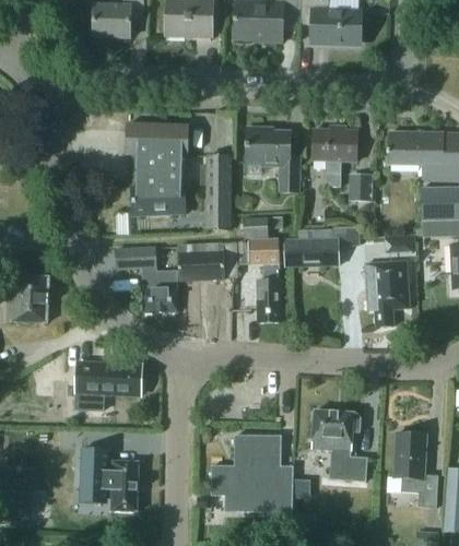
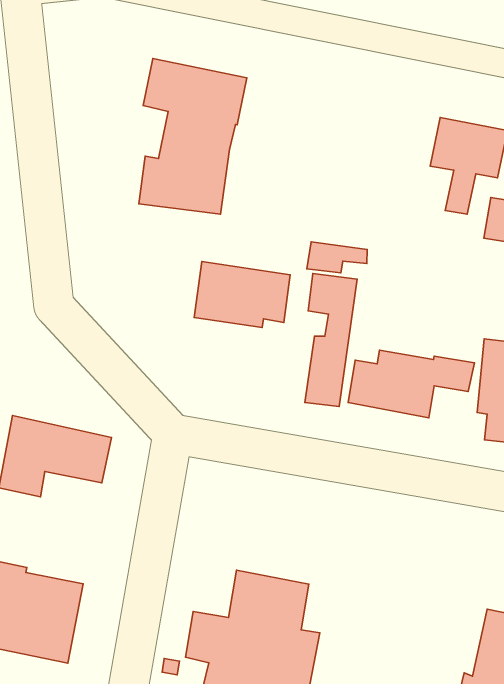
building: [246,126,297,189] -> none
building: [207,154,231,228] -> none
building: [286,226,362,265] -> [348,350,475,418]
building: [116,246,177,311] -> none
building: [310,407,366,479] -> none

